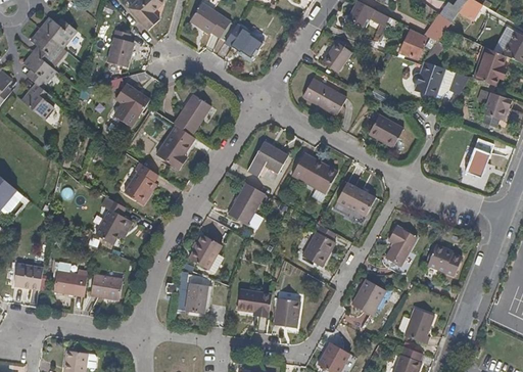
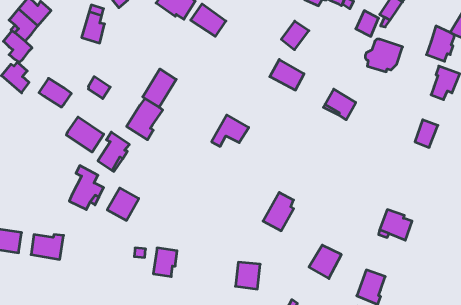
building: [115,82,150,112] -> [39,78,71,107]
building: none -> [66,117,104,152]
building: [290,152,336,194] -> none
building: [337,182,374,218] -> none
building: [228,183,265,226] -> none
building: [386,225,417,266] -> none
building: [188,235,222,270] -> [107,188,139,220]
building: [91,274,123,298] -> none
building: [236,291,271,318] -> none

